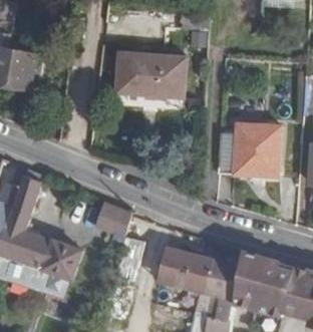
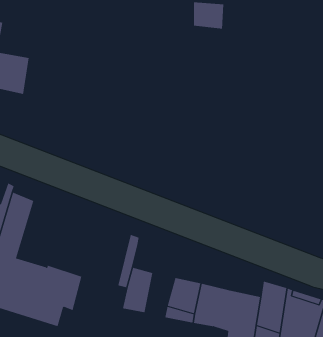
building: [113,57,181,110] -> none
building: [215,122,281,177] -> none

